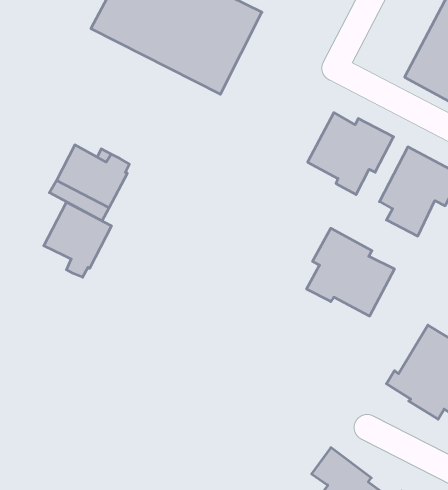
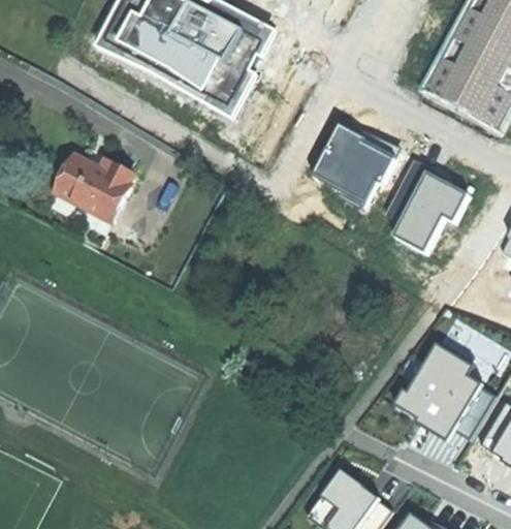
building: [44,202,111,277] -> none
building: [307,228,394,316] -> none

